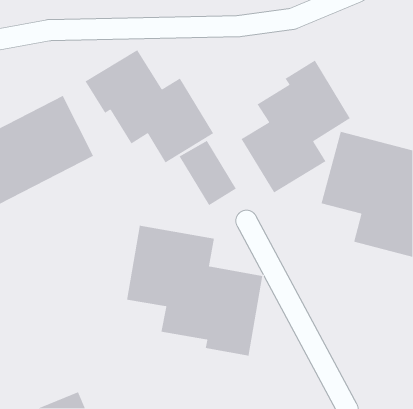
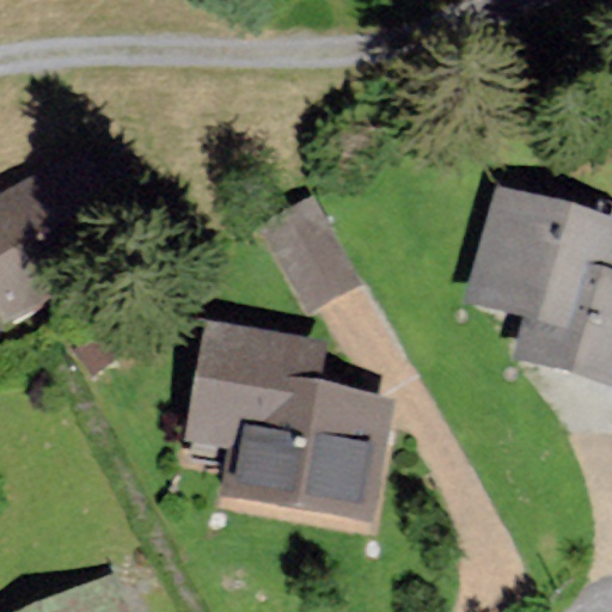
building: [85,49,214,163] -> none
building: [241,60,351,193] -> none

